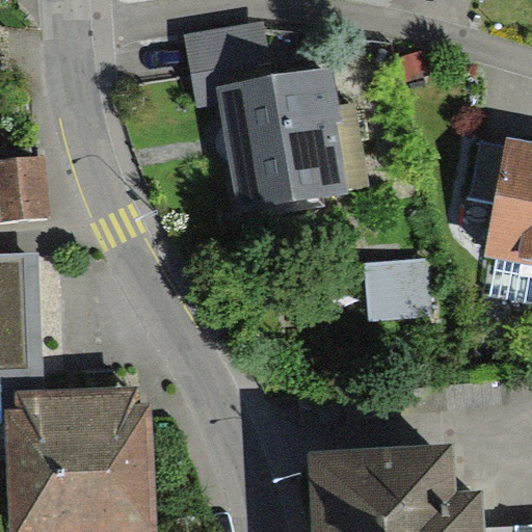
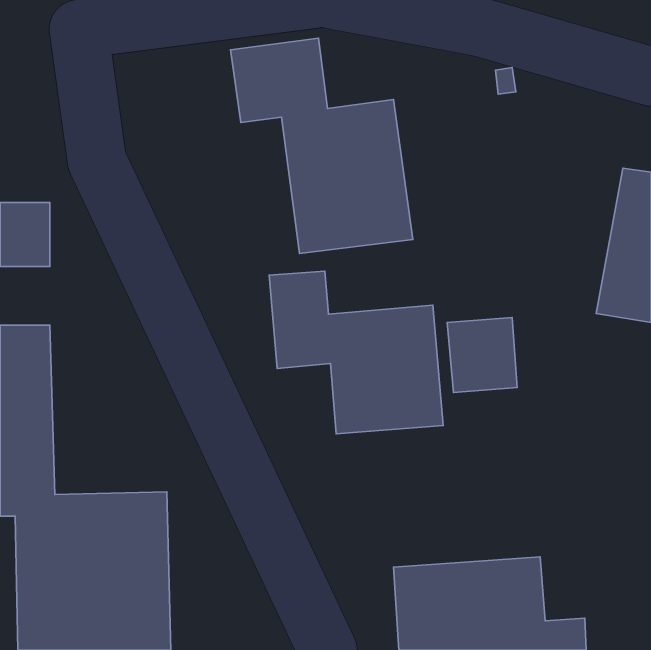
building: none -> [269,271,443,434]

